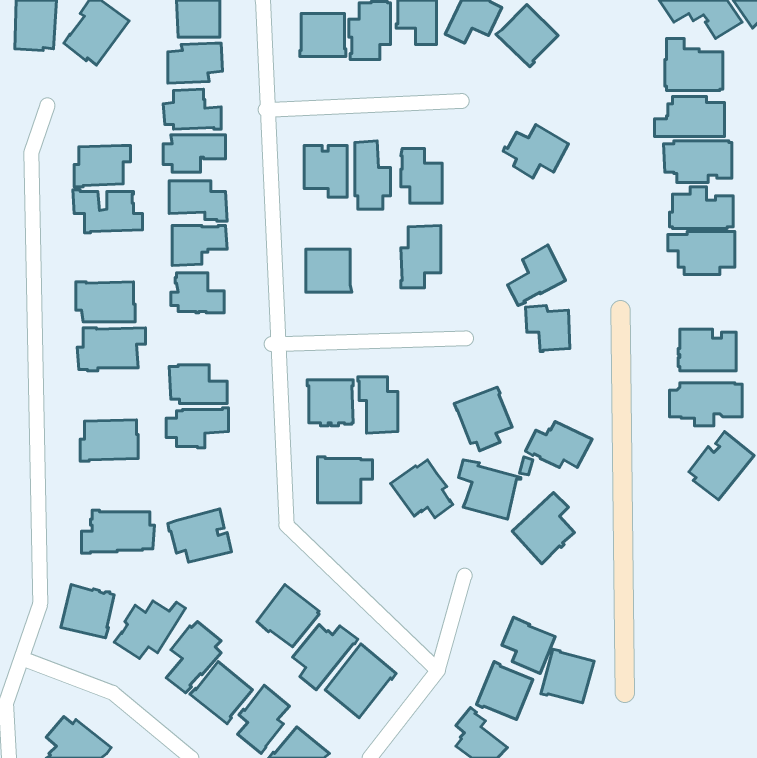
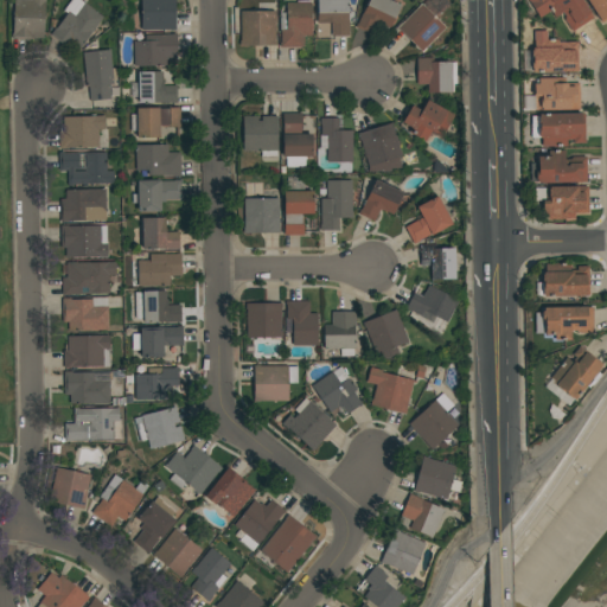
building: none -> [84,50,115,101]
building: none -> [418,58,458,92]
building: none -> [359,123,403,170]
building: none -> [359,179,404,222]
building: none -> [285,181,314,236]
building: none -> [62,189,107,222]
building: none -> [139,254,183,287]
building: none -> [64,298,110,331]
building: none -> [324,312,357,357]
building: [525,421,592,467] -> [407,286,460,322]
building: none -> [136,368,180,402]
building: none -> [65,371,114,404]
building: none -> [283,398,337,452]
building: none -> [166,446,223,494]
building: [541,649,594,703] -> [415,456,458,499]

